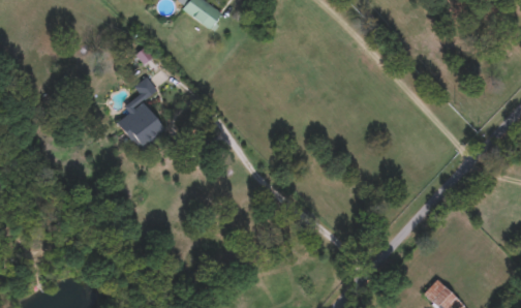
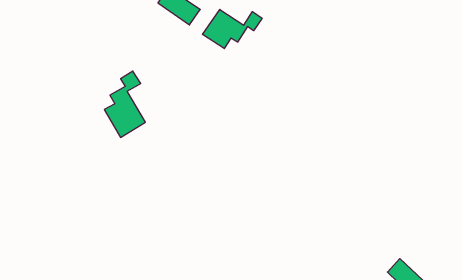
building: none -> [203,9,262,49]

